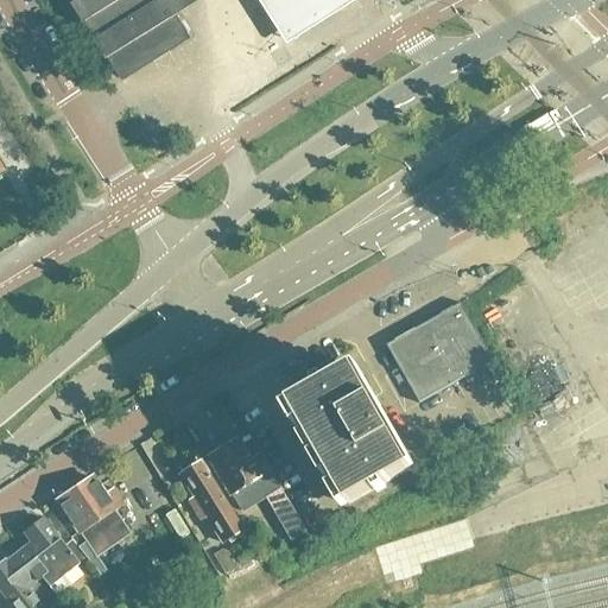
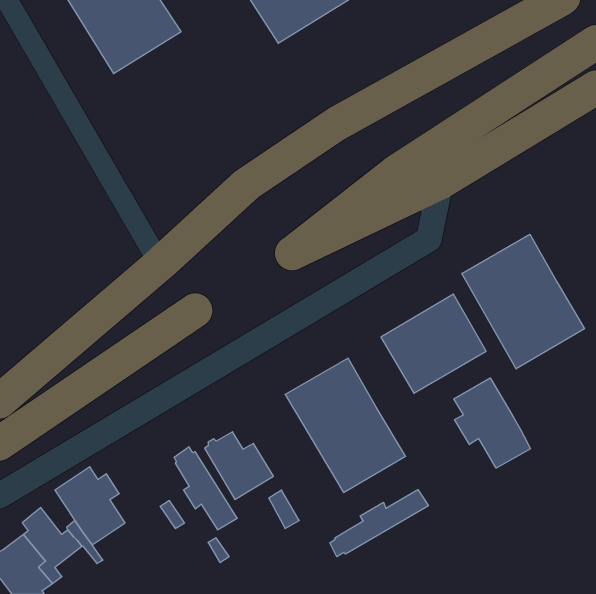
building: none -> [462,234,585,369]
building: none -> [454,378,530,468]
building: none -> [330,490,428,557]

